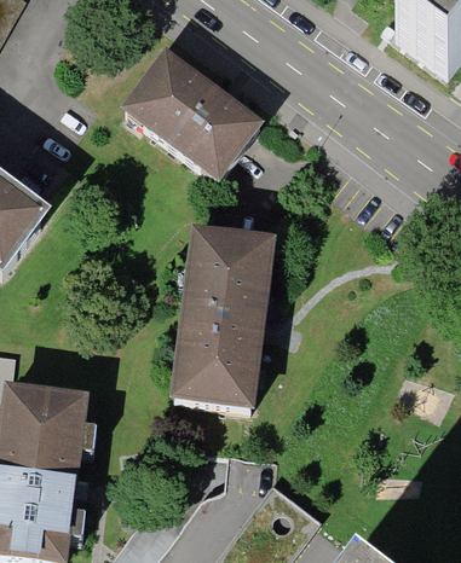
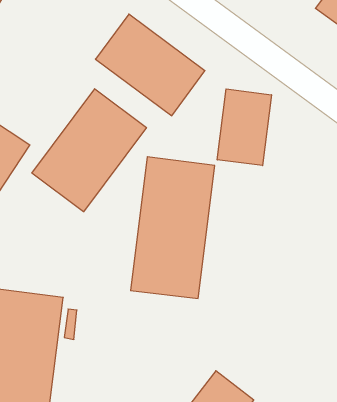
building: none -> [32,89,146,212]
building: none -> [217,89,271,166]

